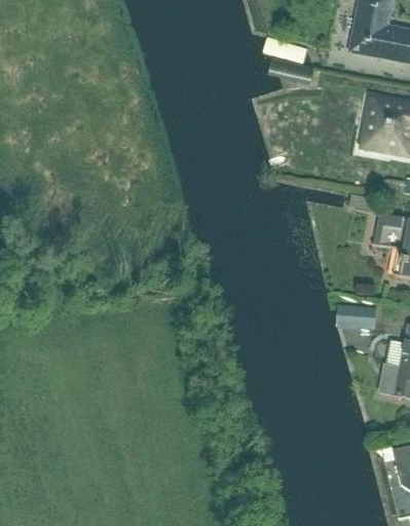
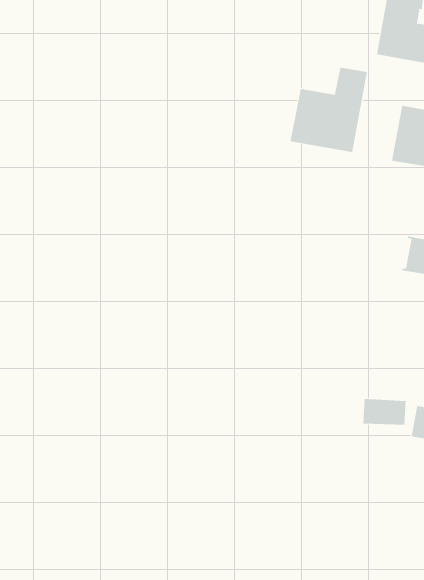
building: none -> [290,67,368,153]
building: [337,304,376,328] -> [363,398,406,425]

